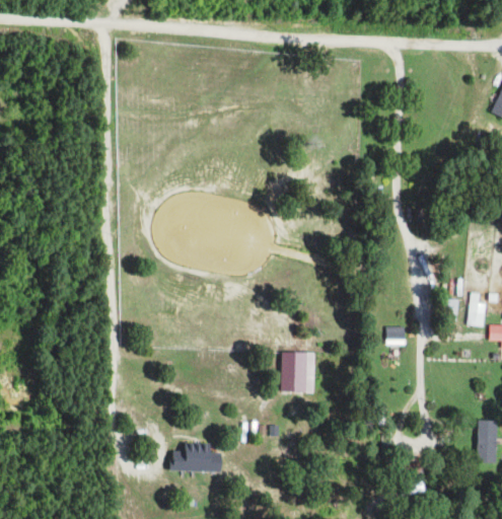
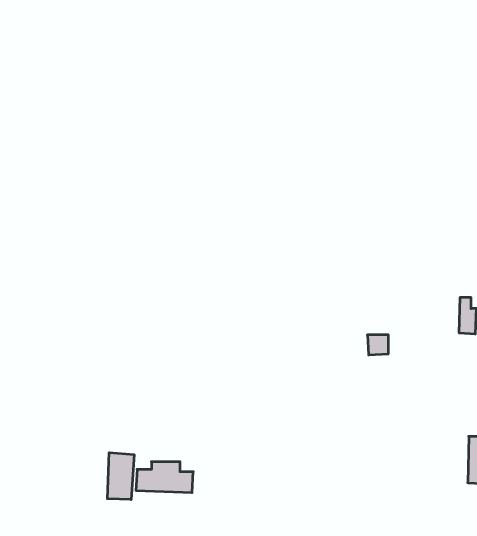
building: [282,352,314,392] -> none
building: none -> [107,453,134,500]

